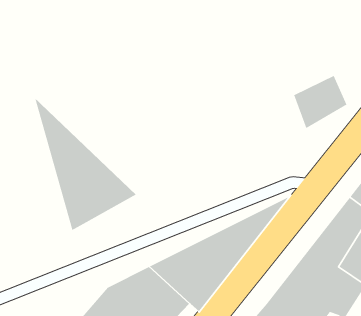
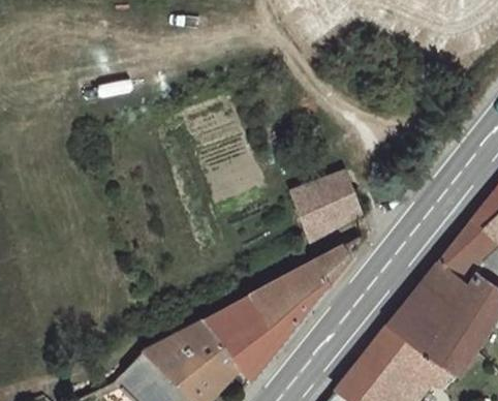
building: [293,75,348,129] -> [305,175,372,242]
building: [34,97,137,231] -> none

